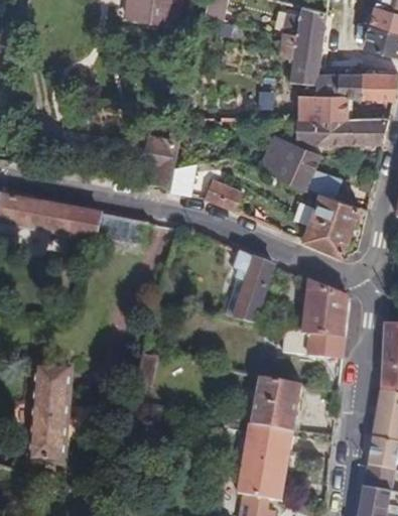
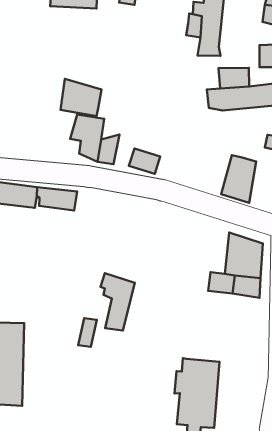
building: [308,71,361,97] -> none
building: none -> [60,79,101,116]
building: [259,137,338,198] -> none
building: [235,253,274,319] -> [100,273,135,331]
building: [253,376,300,429] -> none

